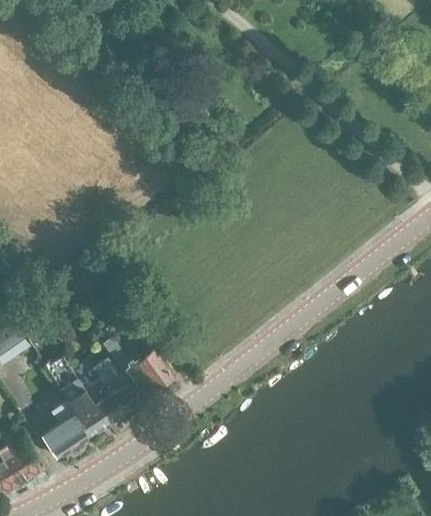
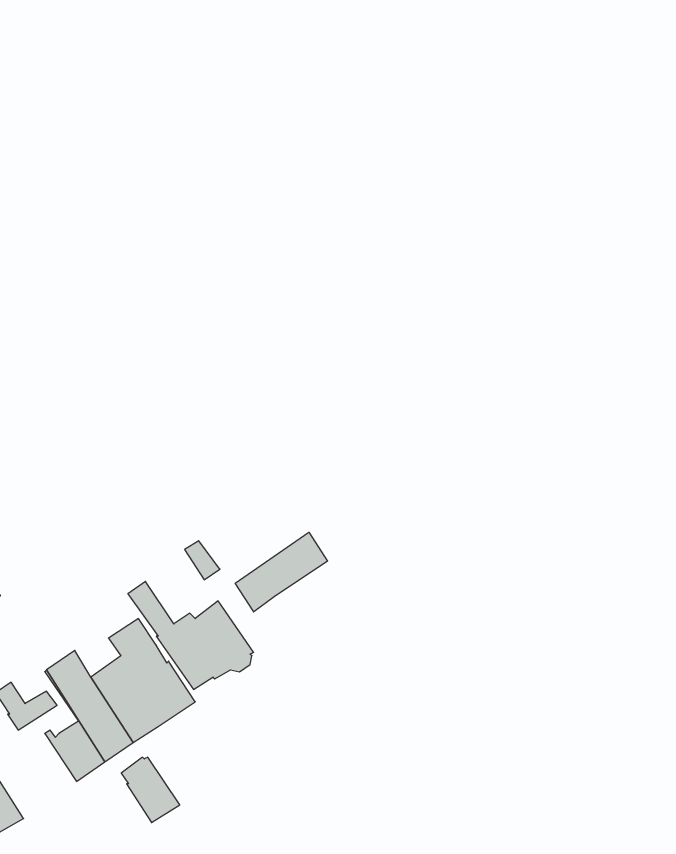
building: none -> [235,532,328,612]
building: [38,421,71,459] -> [121,757,180,823]

